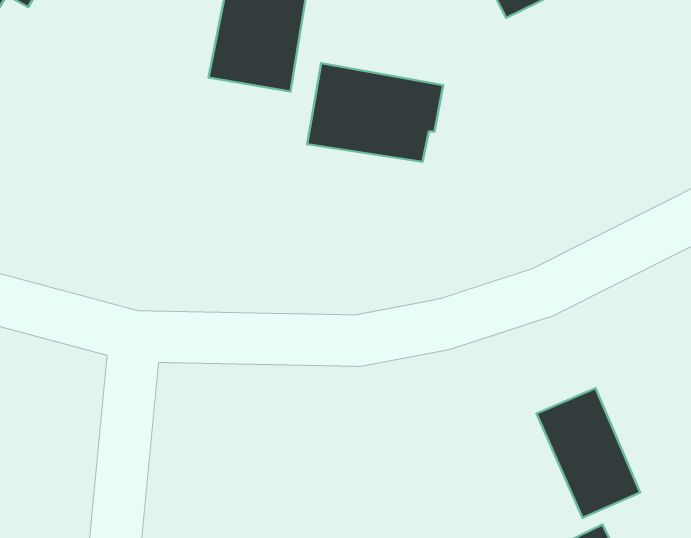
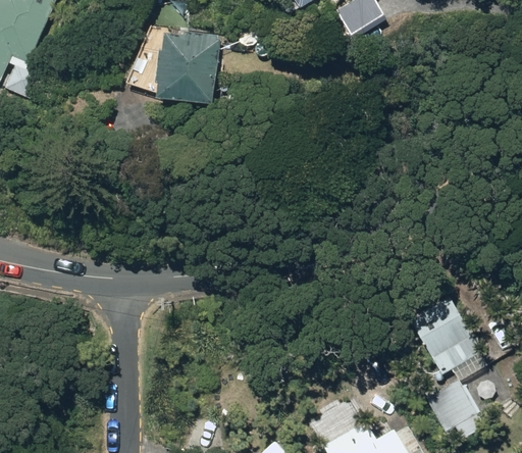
building: [307,63,443,162] -> none

